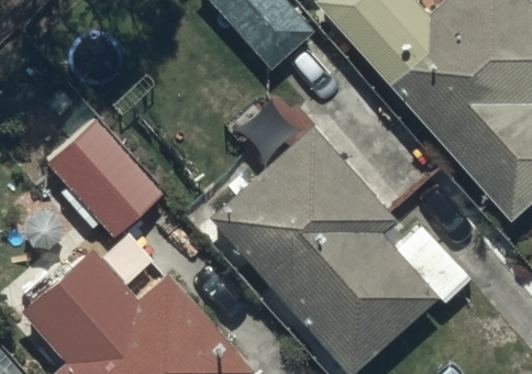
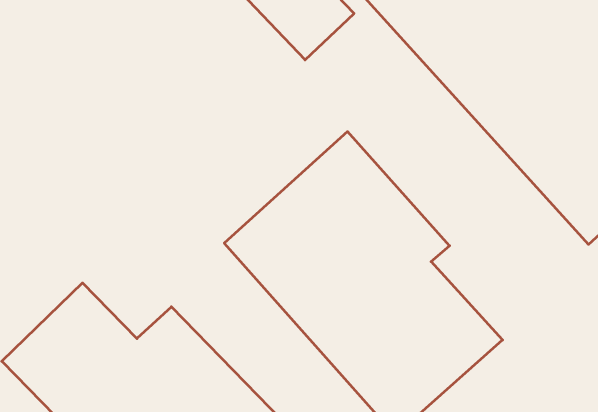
building: [48,117,164,235] -> none

